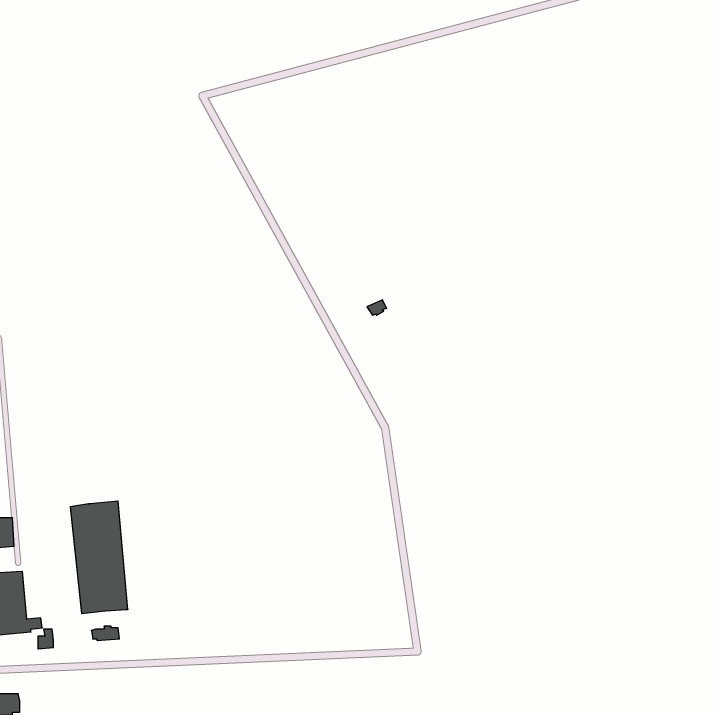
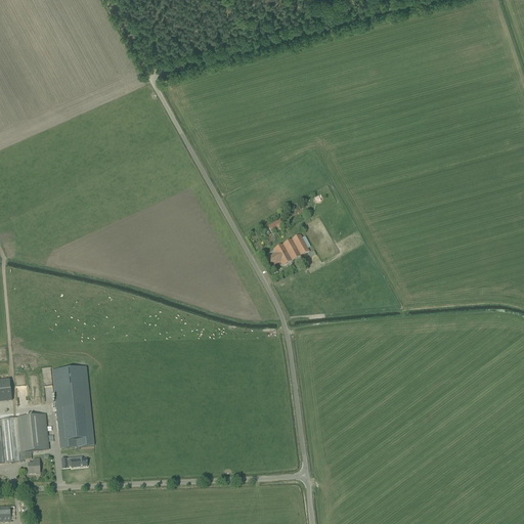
building: none -> [265,232,308,265]
building: none -> [16,412,48,450]

